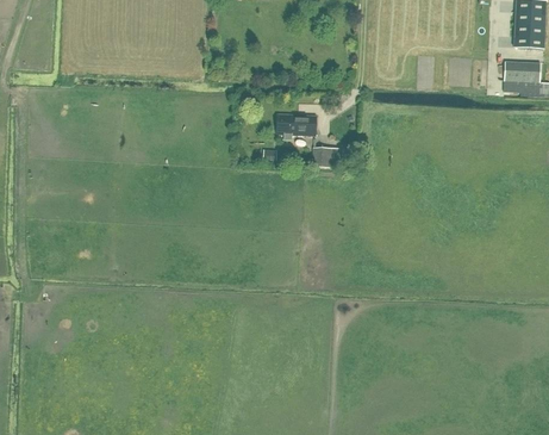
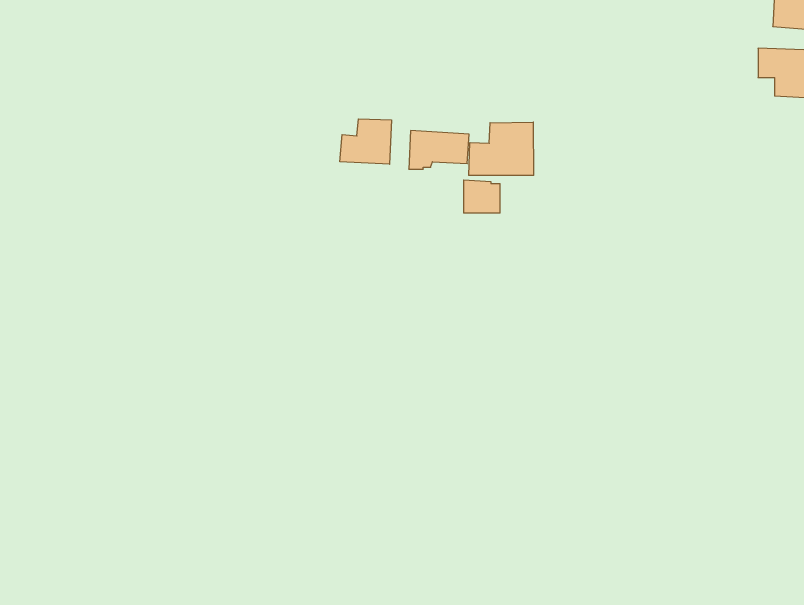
building: none -> [340,119,391,164]
building: none -> [469,122,534,175]

